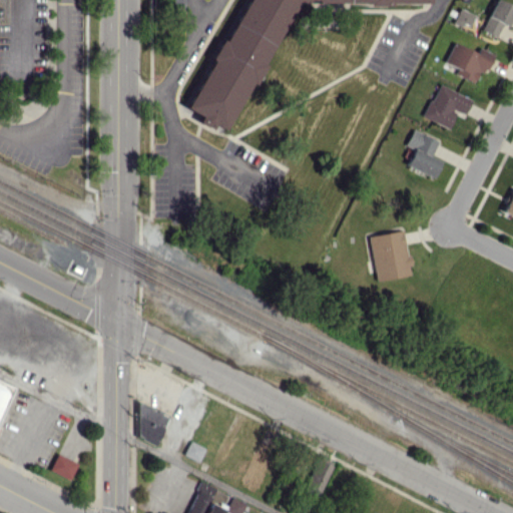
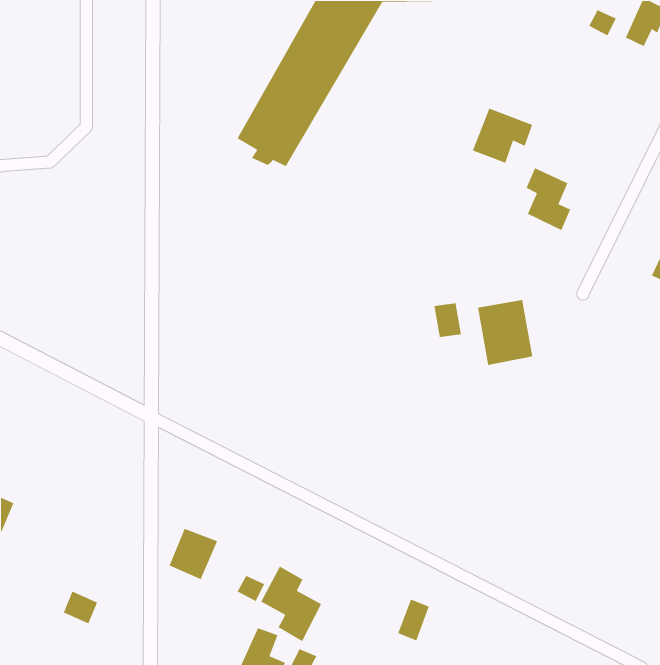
building: [448,44,497,84] -> none
building: [427,86,474,129] -> [472,108,533,164]
building: none -> [433,302,462,338]
building: none -> [260,566,322,642]

